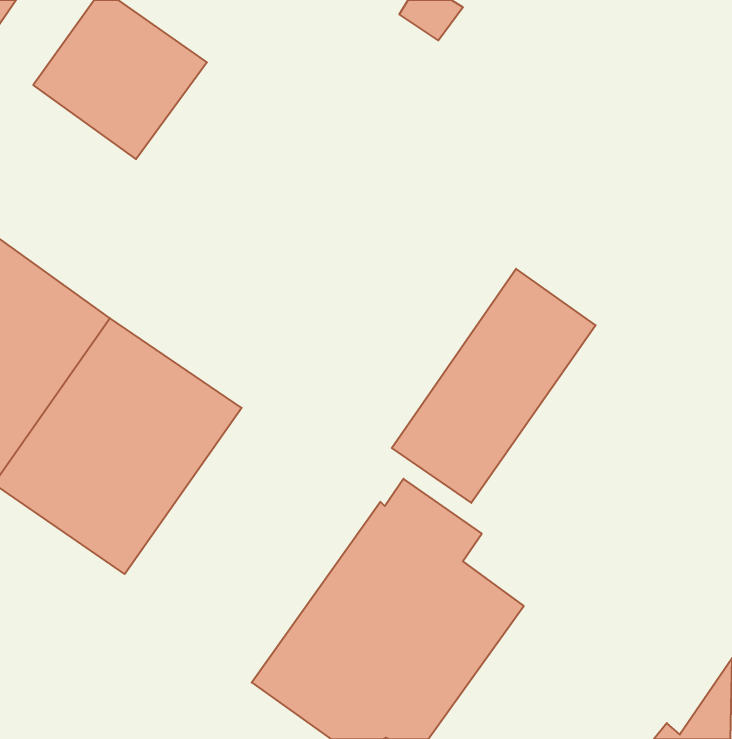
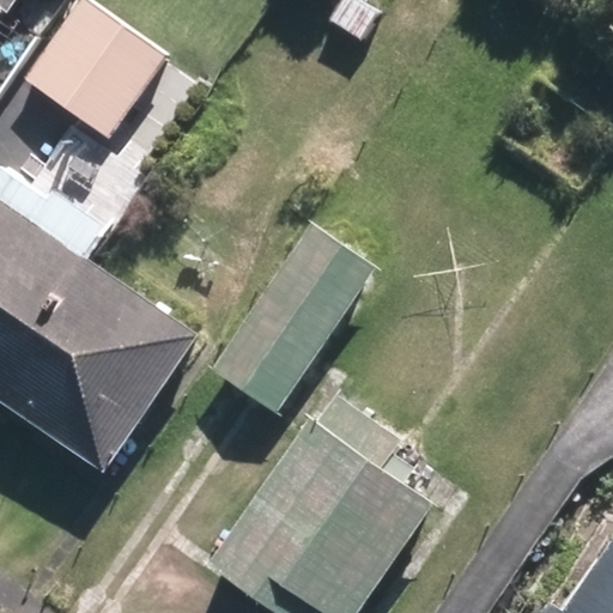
building: [392,269,596,503] -> [206,223,375,417]

